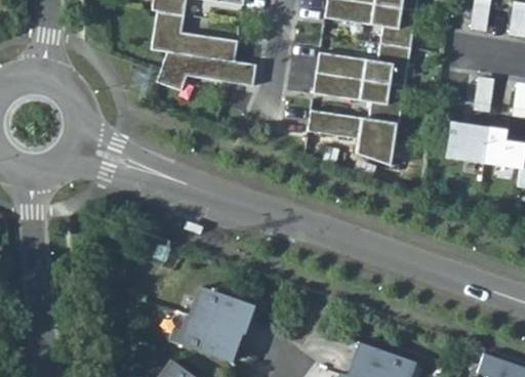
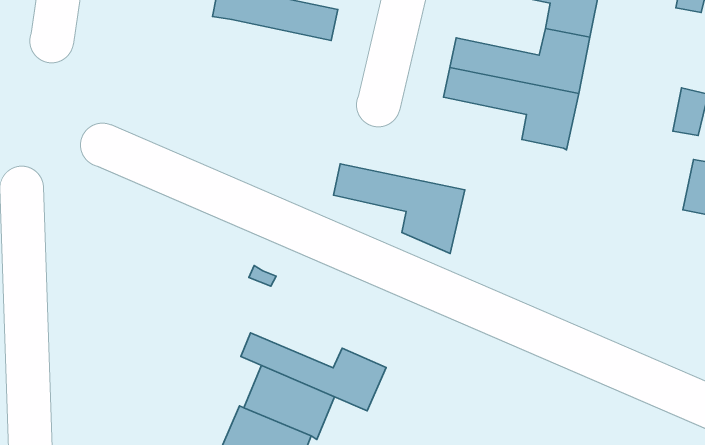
building: [155,51,256,92] -> none
building: [309,113,398,169] -> [334,164,465,253]
building: [444,121,487,162] -> none
building: none -> [241,333,386,411]

